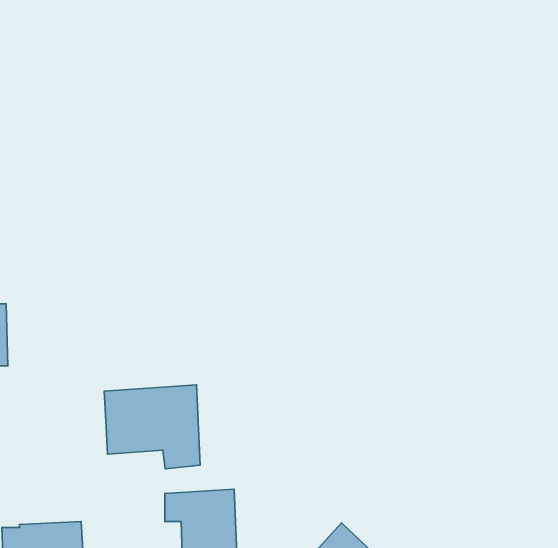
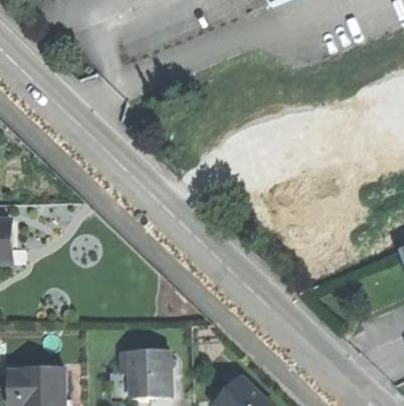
building: [104,385,200,469] -> none

